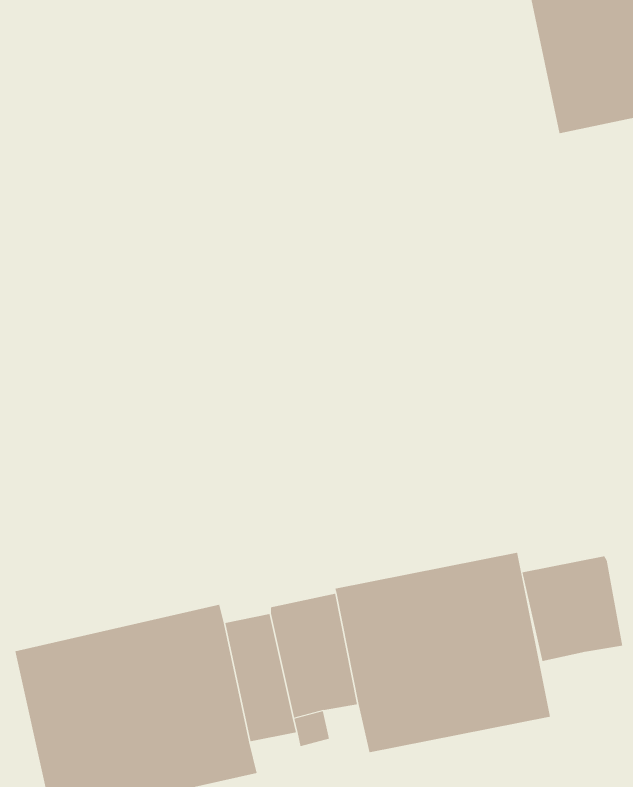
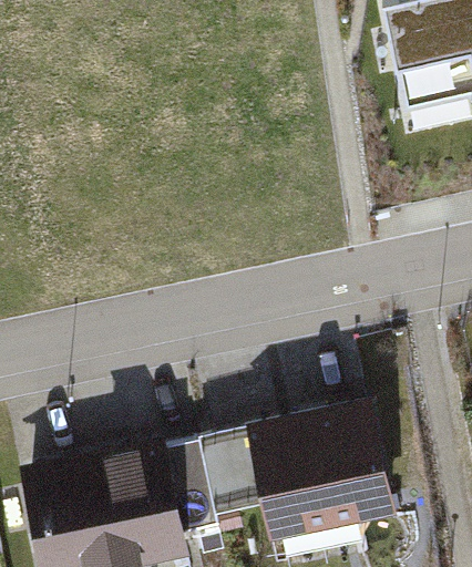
building: [522,556,623,662] -> none

